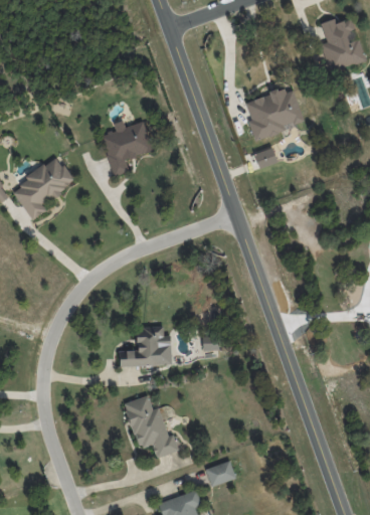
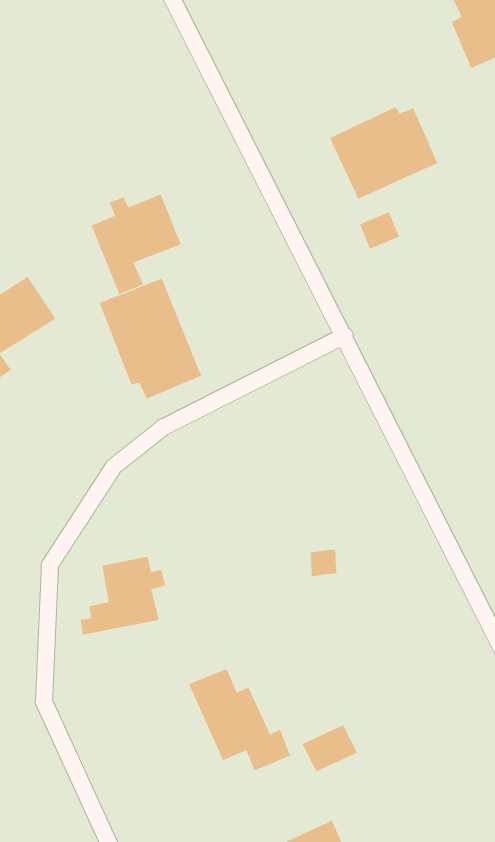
building: none -> [99,278,202,399]
building: [120,327,171,367] -> [80,556,166,635]
building: [205,461,236,486] -> [302,725,358,772]

